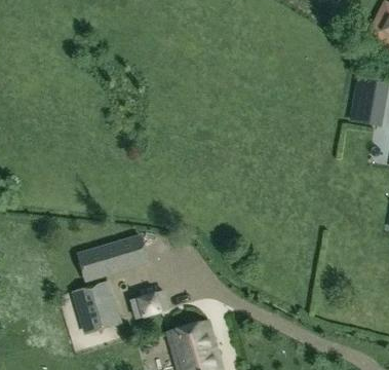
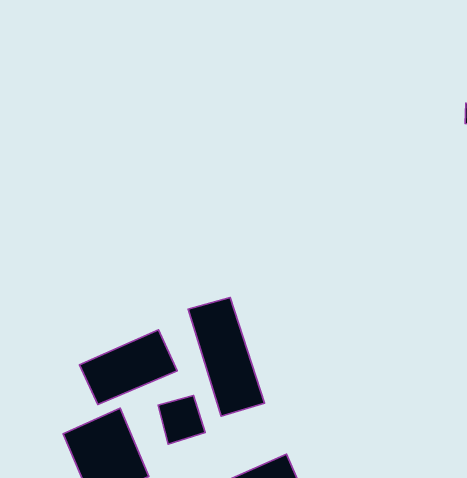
building: none -> [188,297,265,416]

